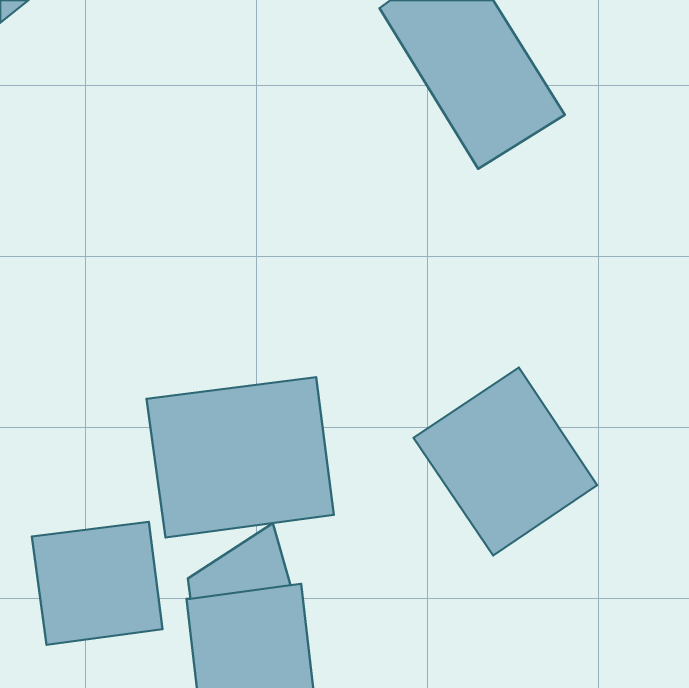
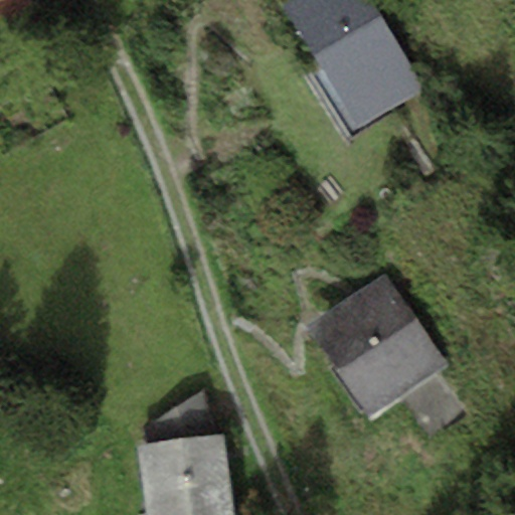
building: [147,377,334,538] -> none
building: [32,522,163,645] -> none

